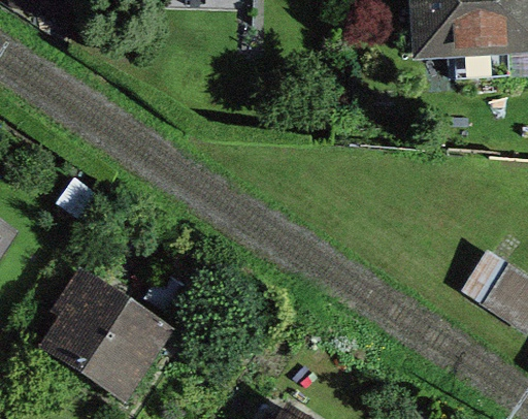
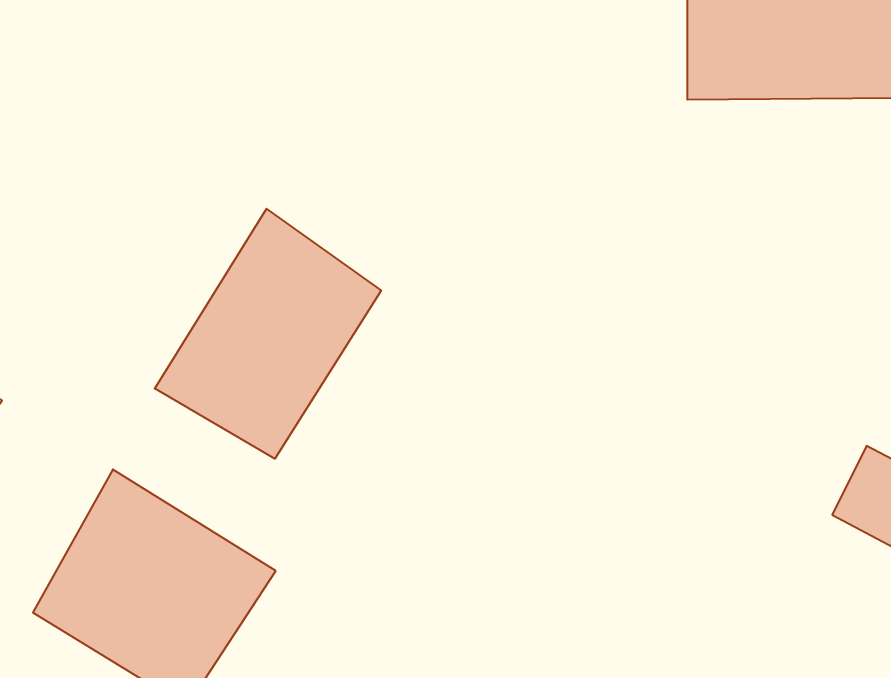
building: none -> [155,209,381,459]

